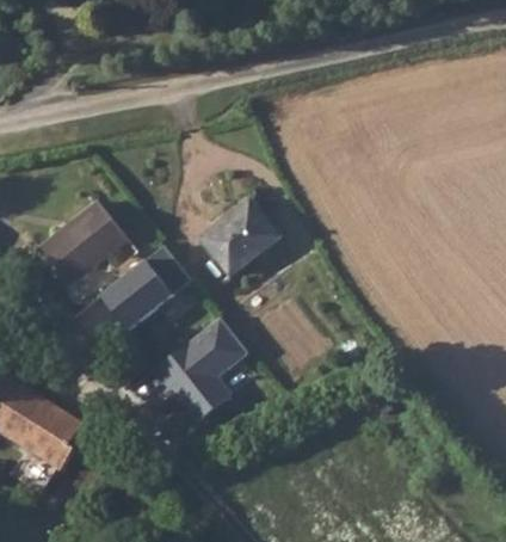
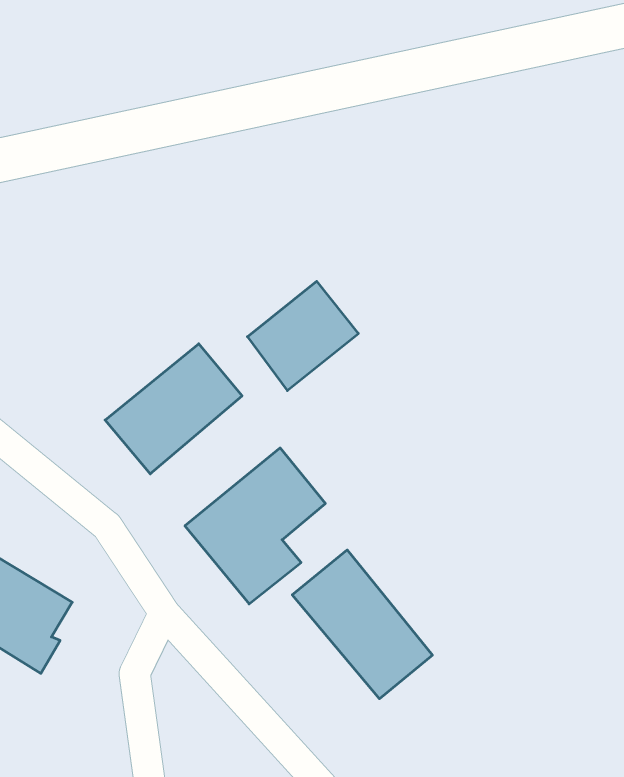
building: [36,202,125,287] -> none
building: none -> [292,550,432,699]

